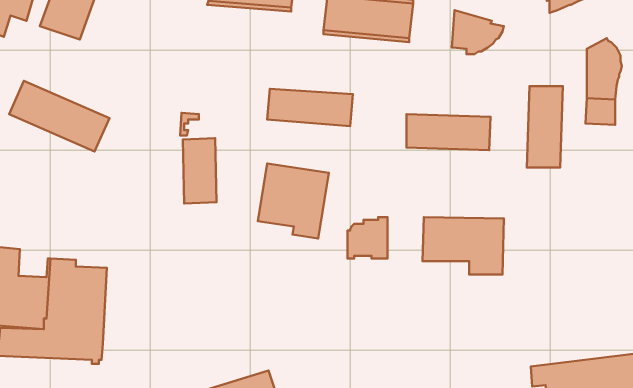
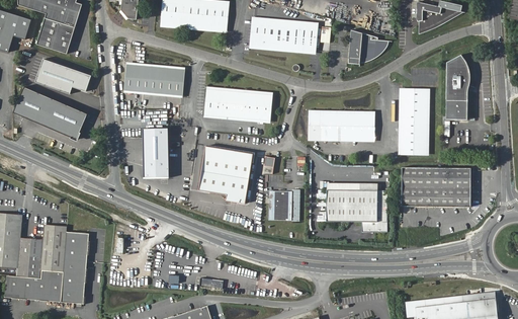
building: none -> [33,59,88,93]
building: none -> [127,64,185,94]
building: none -> [402,167,469,206]

